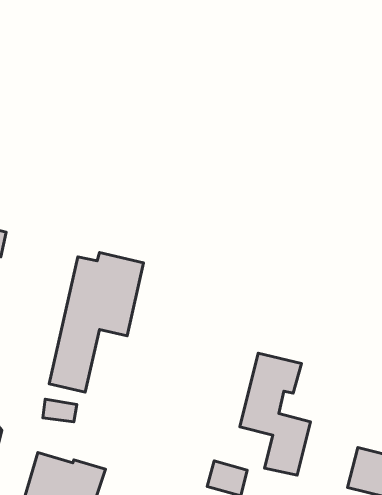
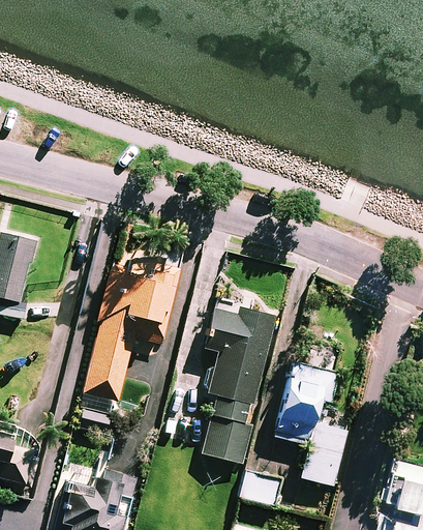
building: none -> [203,311,273,466]

